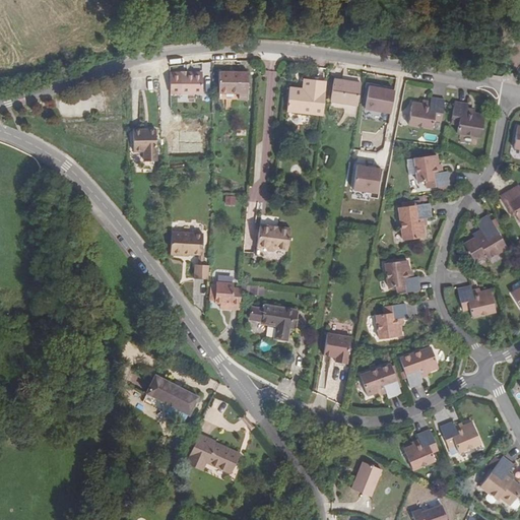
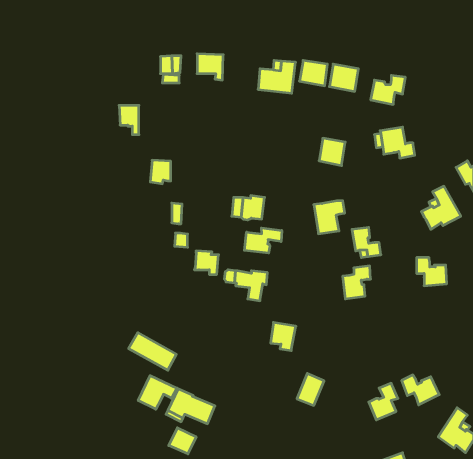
building: [452,101,484,135] -> none
building: [396,204,430,240] -> [314,201,345,234]
building: [170,233,192,258] -> [150,160,171,184]
building: none -> [244,228,282,253]
building: [324,333,351,364] -> [271,322,296,351]
building: [401,346,438,386] -> none
building: [361,363,401,397] -> none
building: none -> [138,376,177,409]
building: [348,462,378,497] -> [297,373,324,405]
building: none -> [169,428,196,454]

